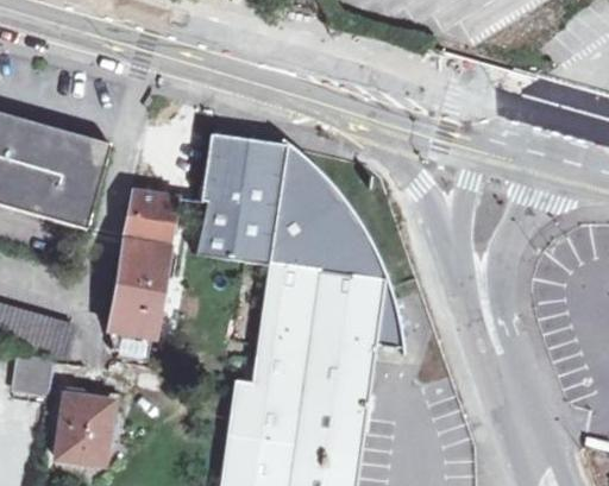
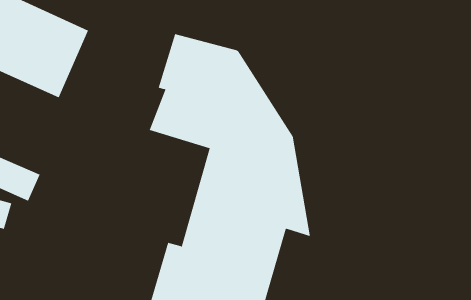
building: [107,192,178,336] -> none
building: [56,393,118,463] -> none

